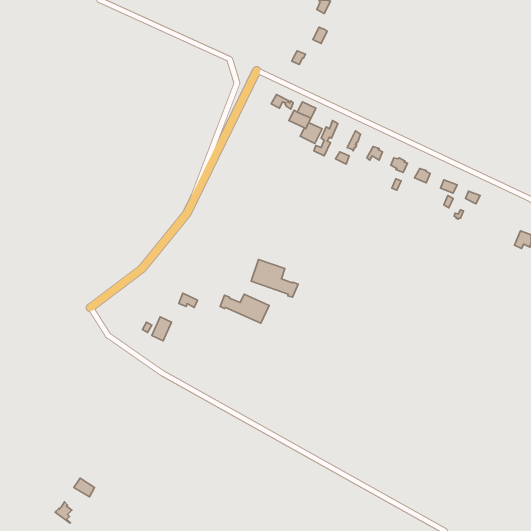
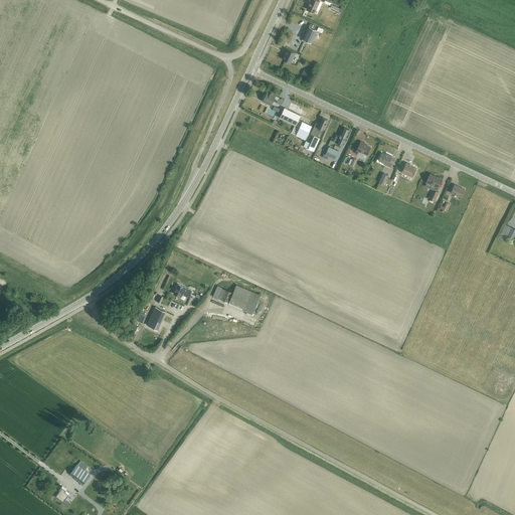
building: [251,260,298,297] -> none

